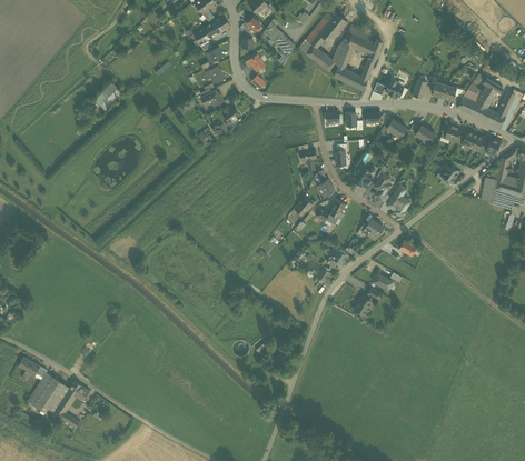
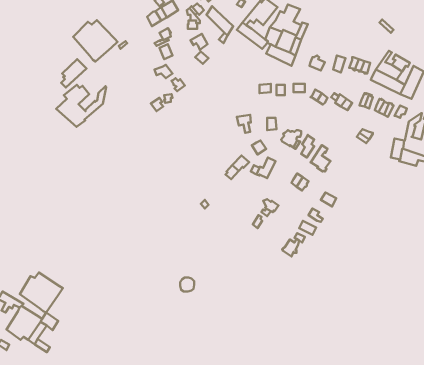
building: none -> [73,20,117,62]
building: none -> [56,85,106,127]
building: none -> [20,273,63,312]

